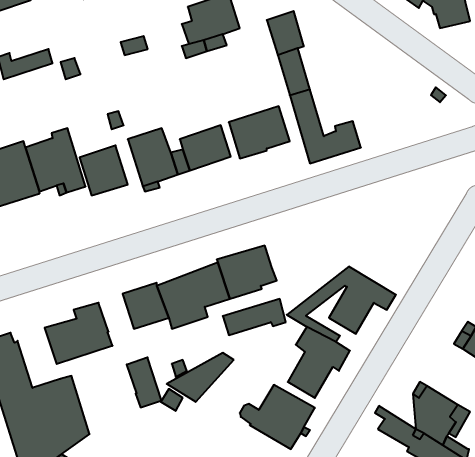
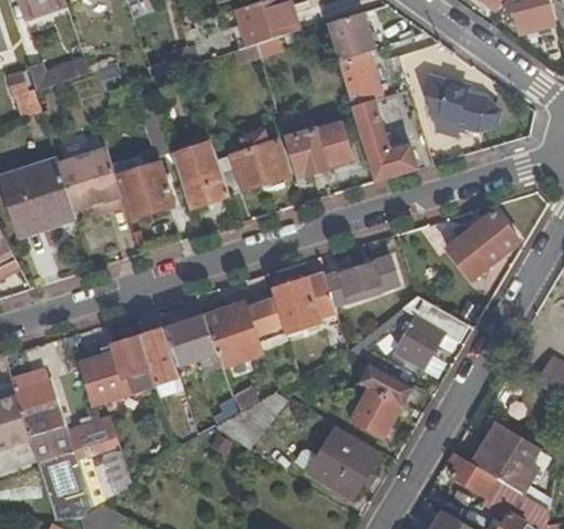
building: none -> [434,84,496,132]
building: none -> [447,210,520,279]
building: [223,299,286,335] -> [326,257,396,297]
building: [127,357,162,407] -> [141,328,180,383]

